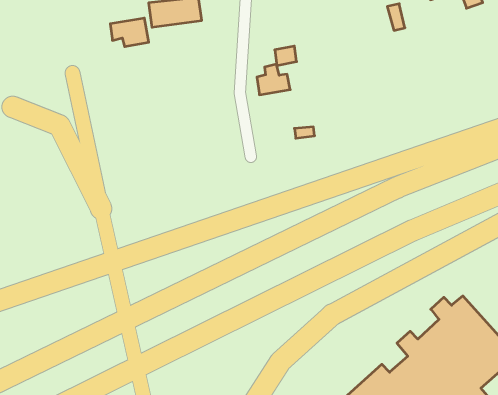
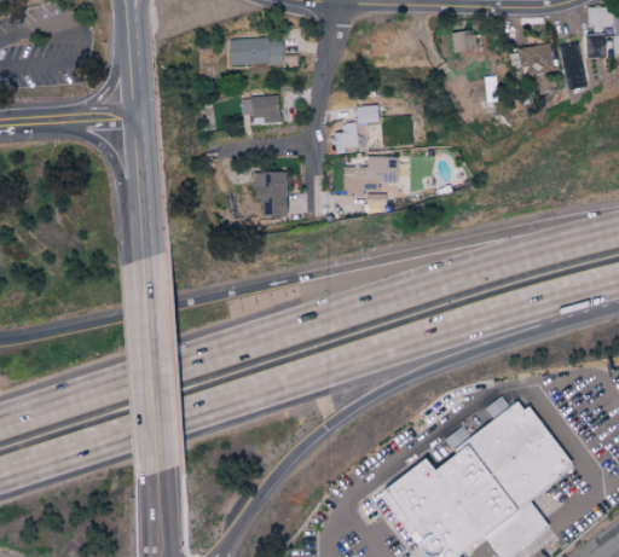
building: [110,18,149,47] -> [243,95,282,123]
building: none -> [345,156,398,197]
building: none -> [255,172,288,216]

